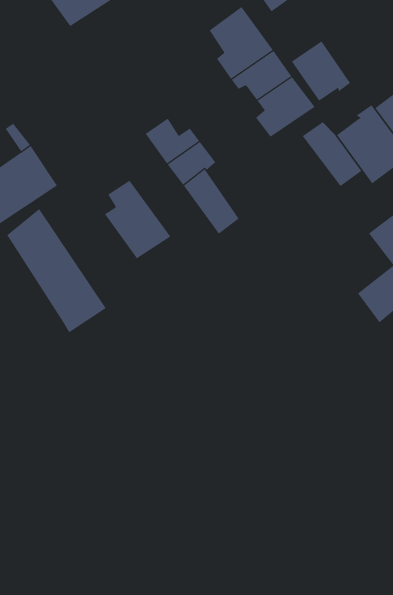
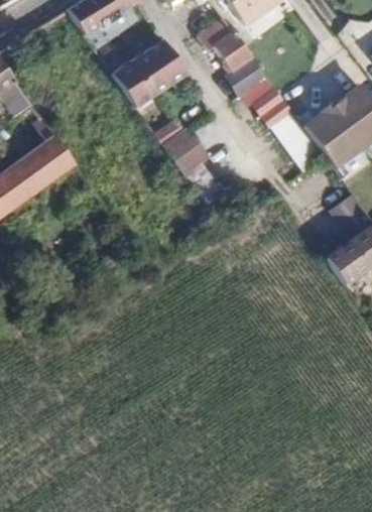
building: none -> [112,39,184,108]
building: [291,40,351,102] -> none
building: [104,180,171,259] -> none
building: [6,208,106,333] -> none

